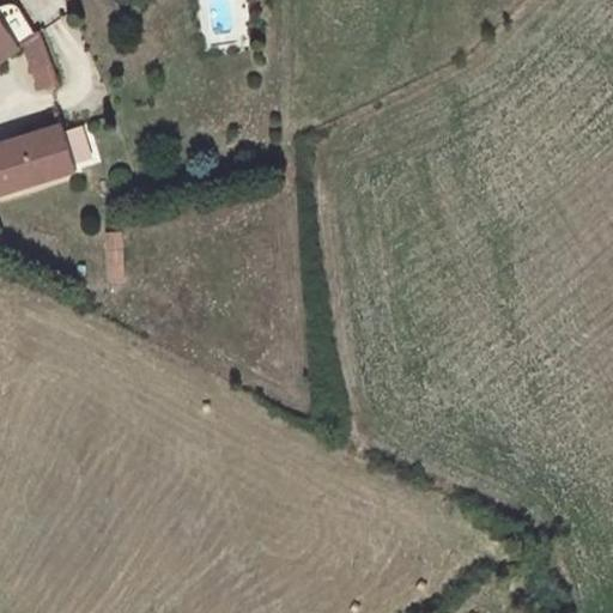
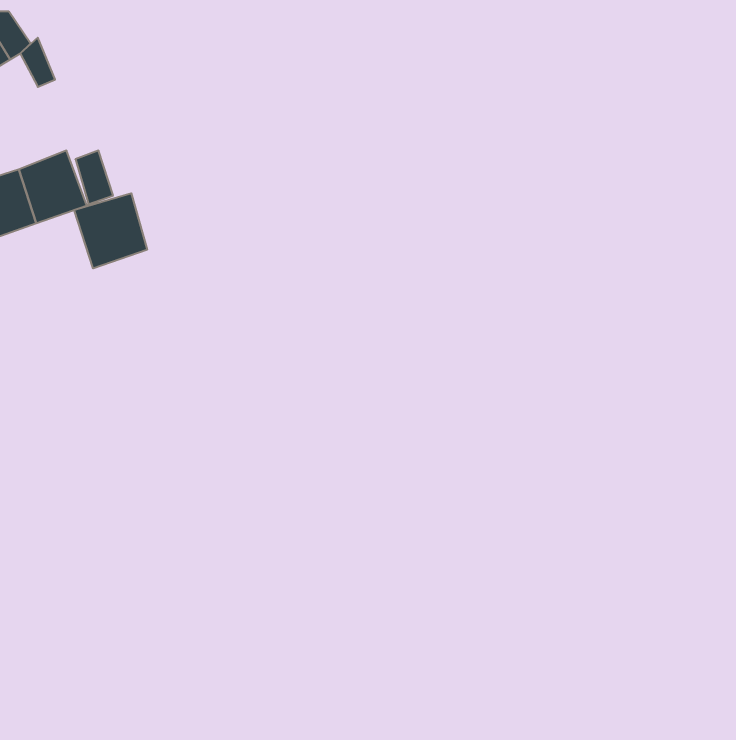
building: none -> [74,193,147,268]

